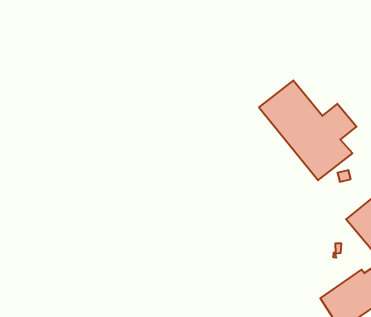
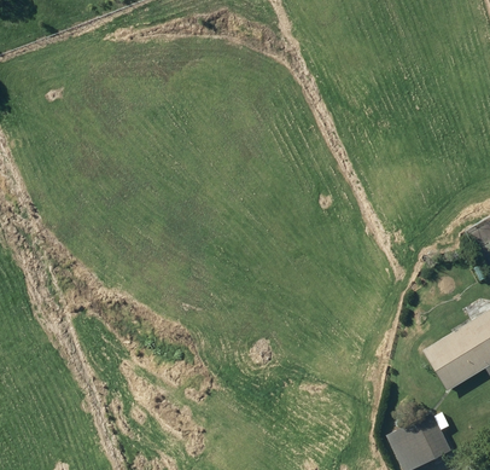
building: [259,80,357,180] -> none

